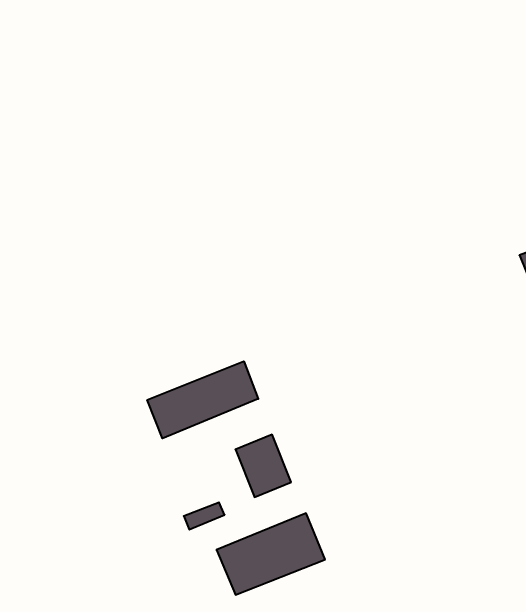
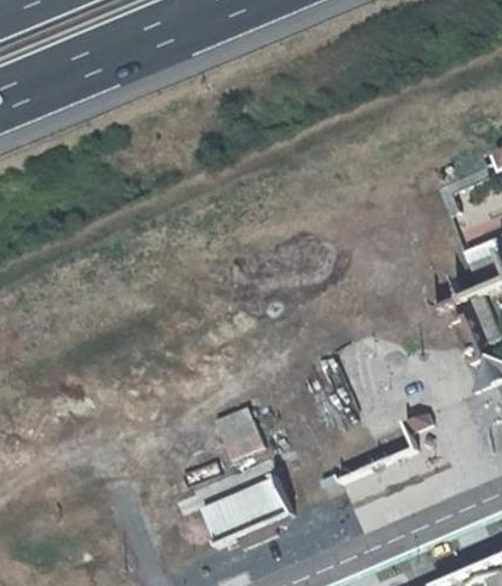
building: [147,361,258,438] -> none

